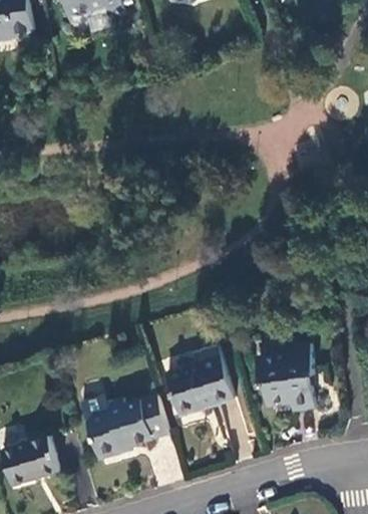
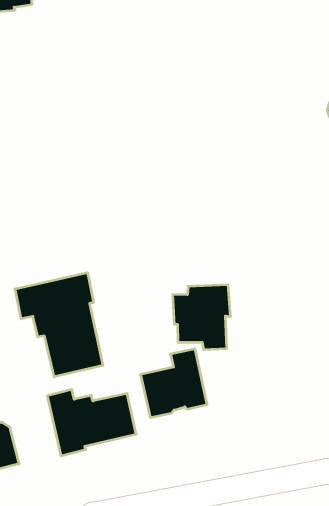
building: none -> [15,273,103,377]
building: [259,344,316,409] -> [173,285,231,350]

